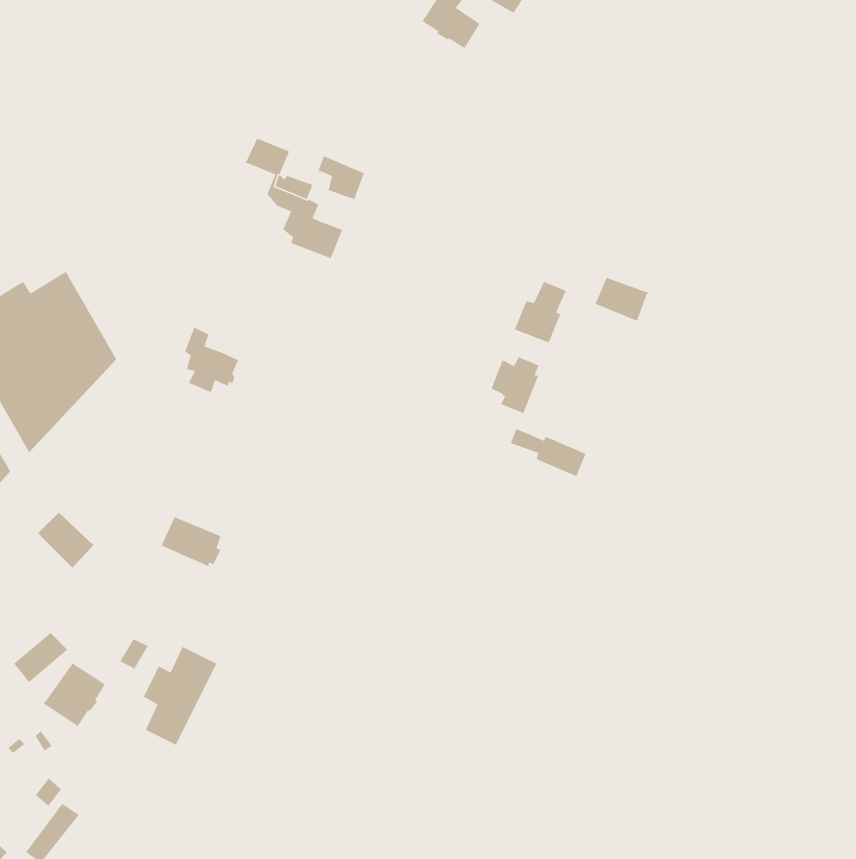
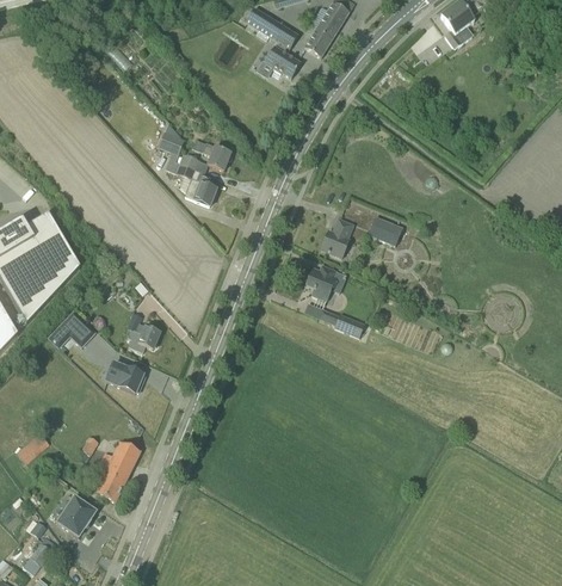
building: [184,326,239,393] -> [125,310,159,351]
building: [37,512,94,569] -> [60,310,94,345]
building: [43,662,106,727] -> [56,495,94,535]

